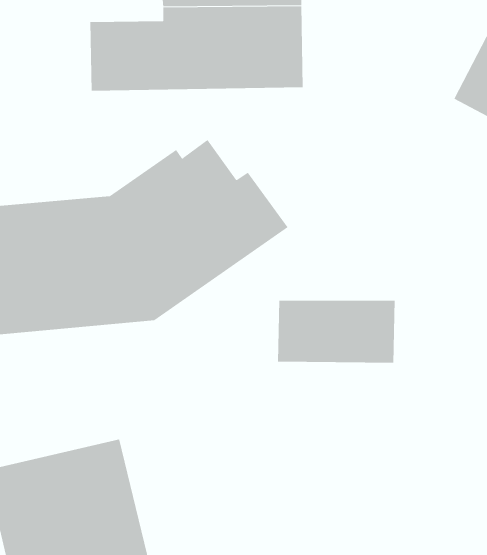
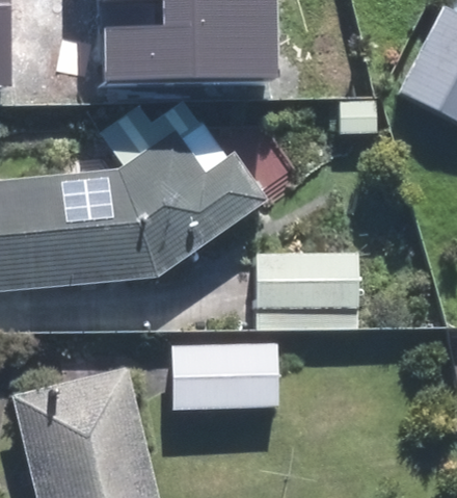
building: none -> [172,346,276,410]

